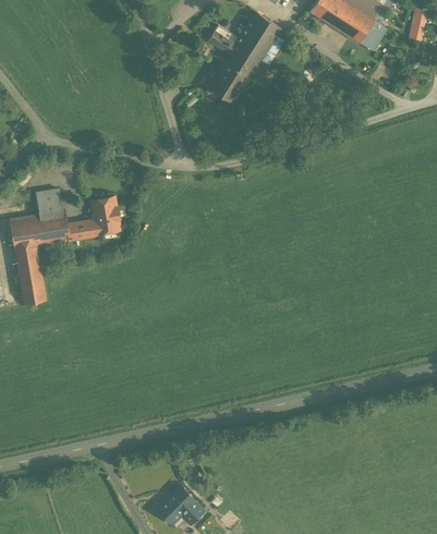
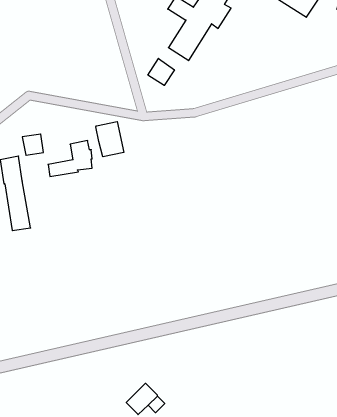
building: none -> [148,58,174,85]
building: none -> [96,122,124,157]
building: [32,209,69,253] -> none

